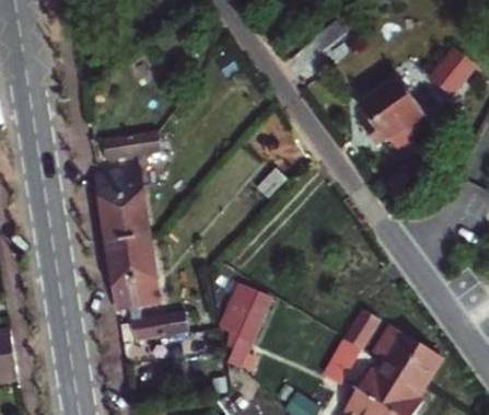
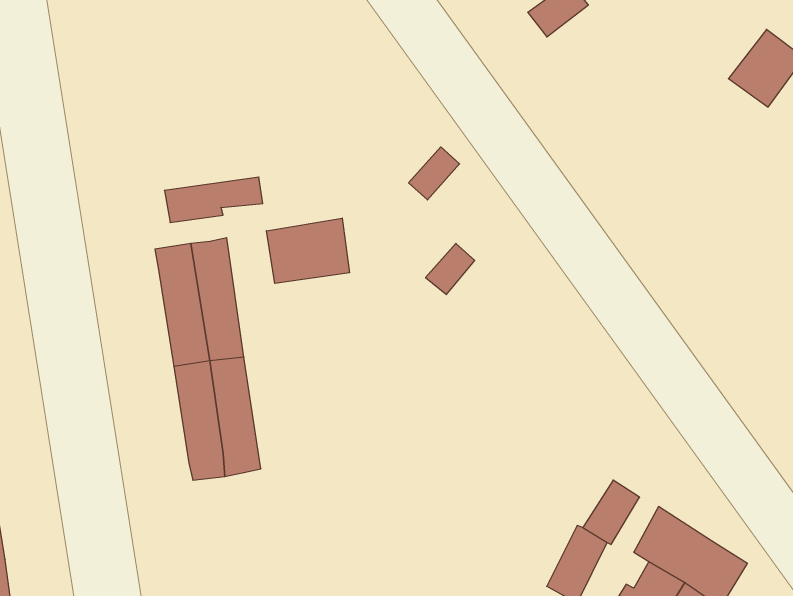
building: [359,77,431,150] -> none
building: none -> [266,218,349,283]
building: [217,285,270,369] -> none
building: [125,311,193,337] -> none

